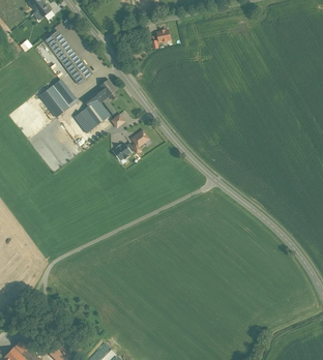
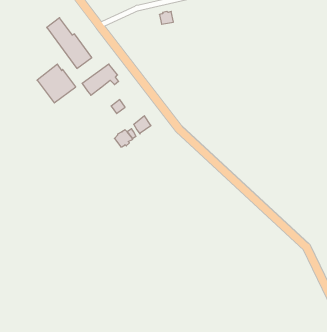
building: [75,102,110,132] -> none

